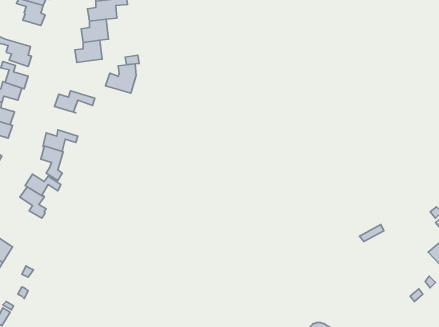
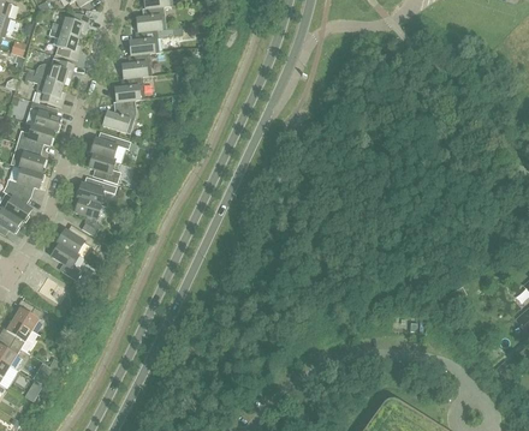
building: none -> [34,56,73,83]
building: [106,64,136,93] -> [101,98,136,132]
building: none -> [88,151,120,182]

